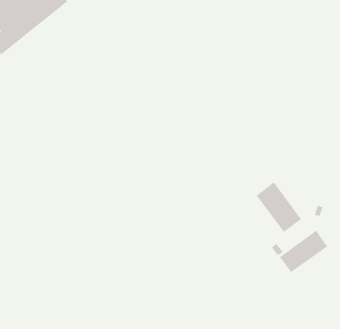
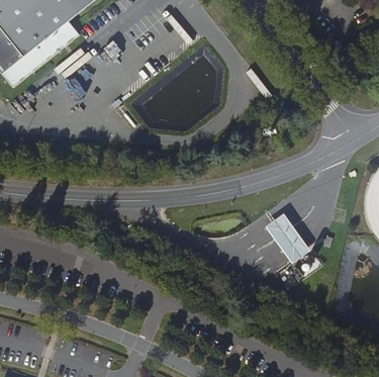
building: [279,230,328,273] -> none

